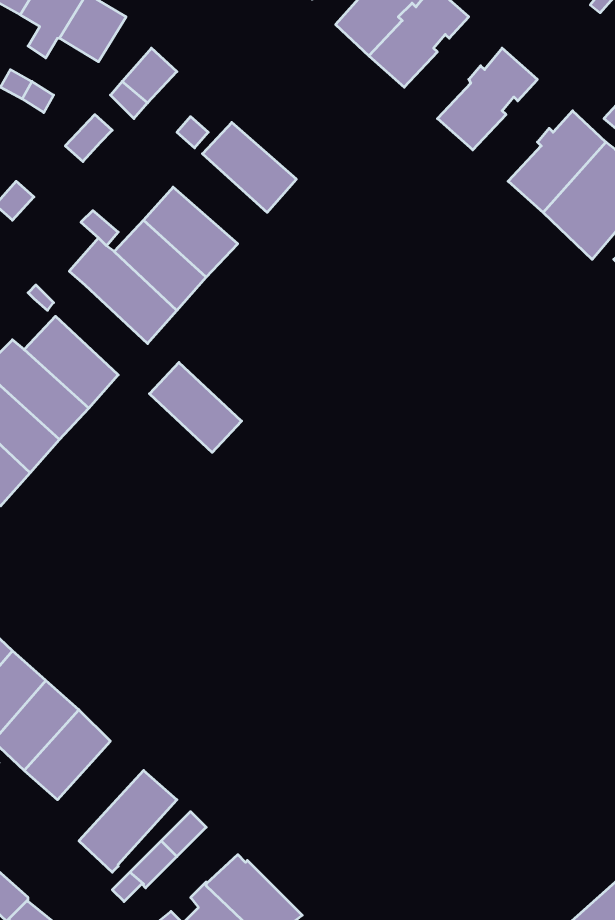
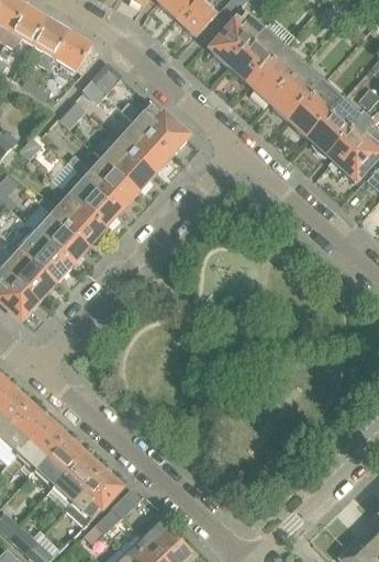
building: none -> [248,45,303,102]
building: none -> [287,80,343,137]
building: none -> [119,122,171,172]
building: [149,362,242,452] -> [53,195,104,246]
building: none -> [47,451,102,507]

